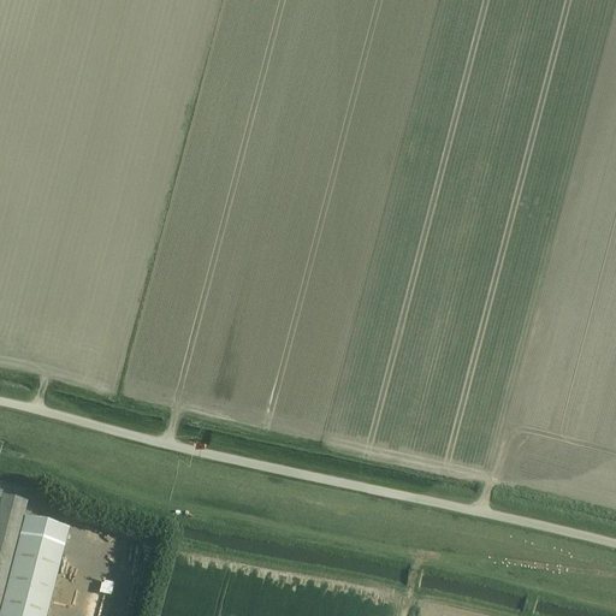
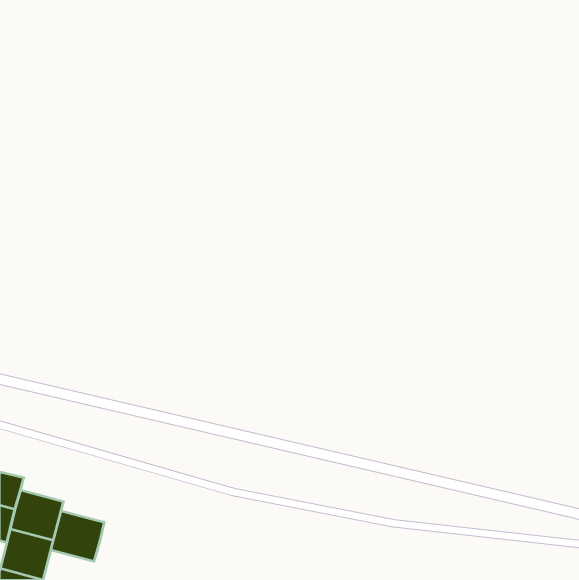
building: none -> [51,511,104,561]

